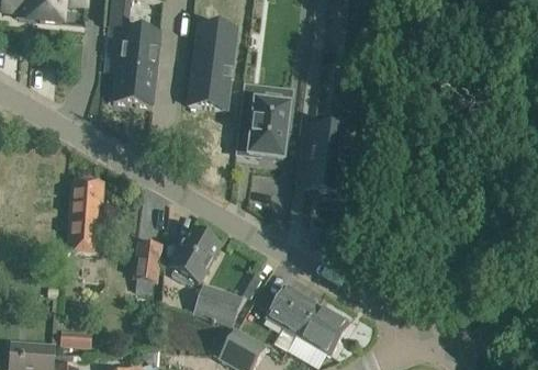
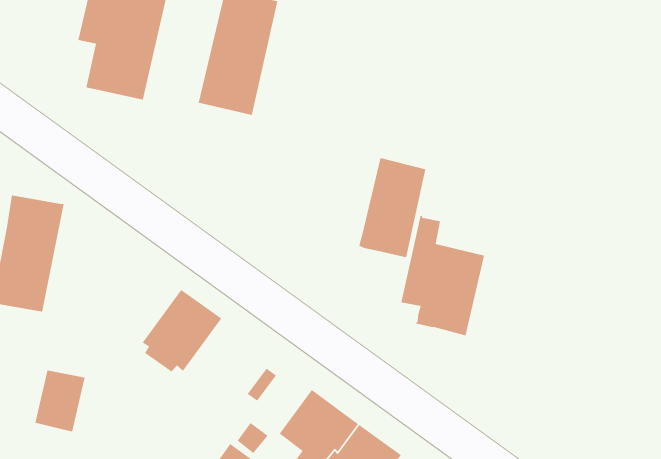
building: [237,82,290,159] -> [401,216,485,336]
building: [133,240,164,280] -> [34,370,85,432]
building: [194,284,242,324] -> none

